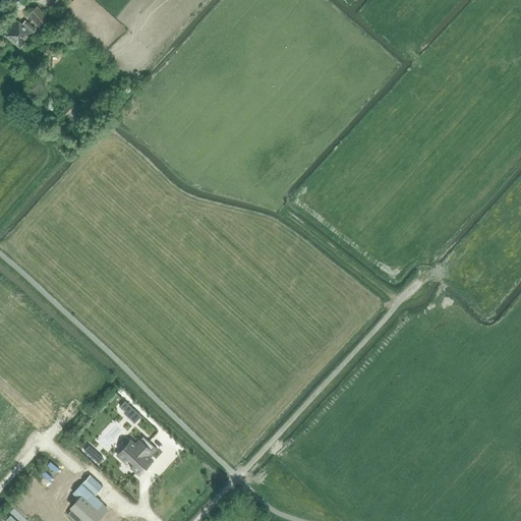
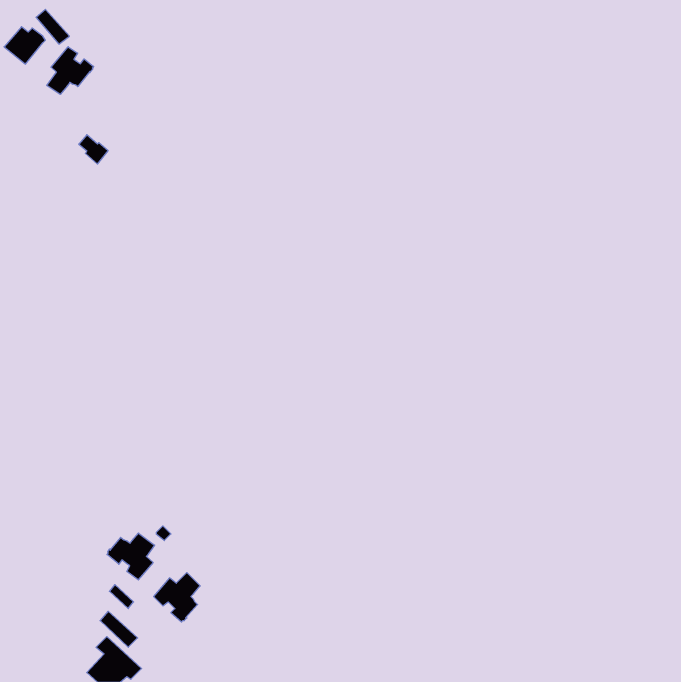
building: none -> [47,47,94,94]
building: none -> [107,533,155,580]

